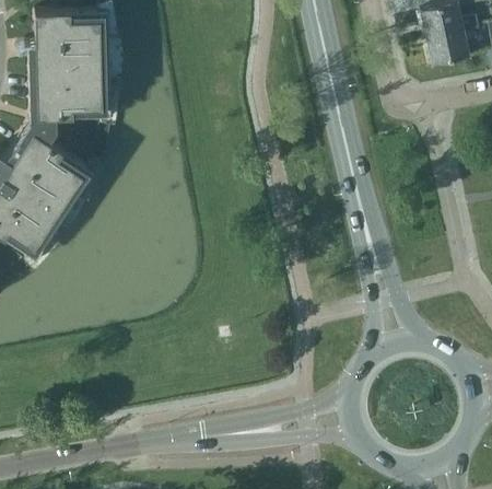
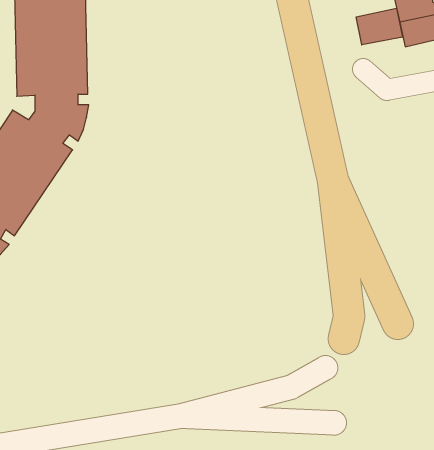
building: none -> [356,8,403,45]

